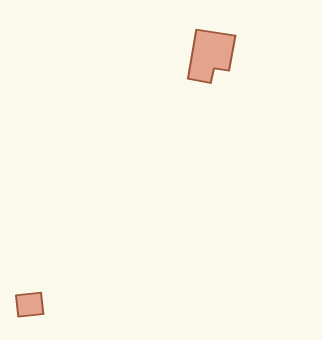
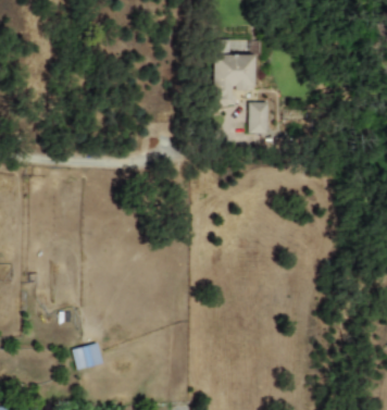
building: none -> [249,102,269,135]

